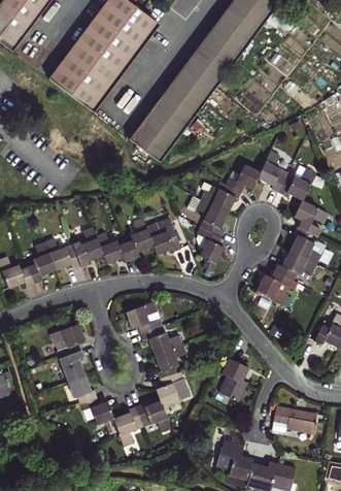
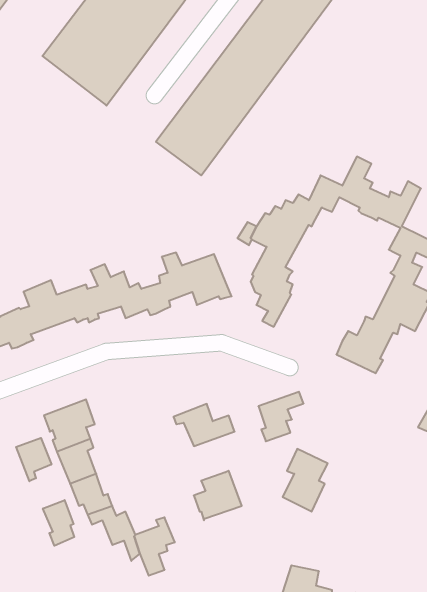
building: [126,300,165,334] -> none
building: [156,345,187,380] -> [258,392,304,441]
building: none -> [16,438,51,481]
building: none -> [43,500,74,546]
building: [135,401,171,432] -> none
building: [272,404,316,434] -> none

